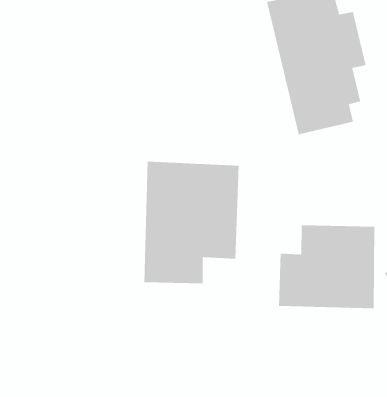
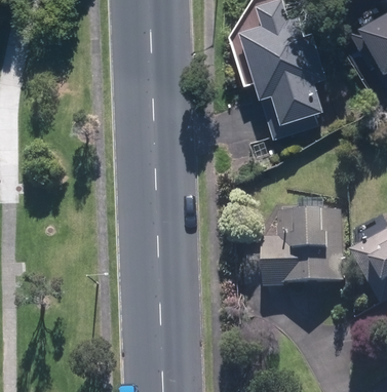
building: [143,161,239,284] -> none

